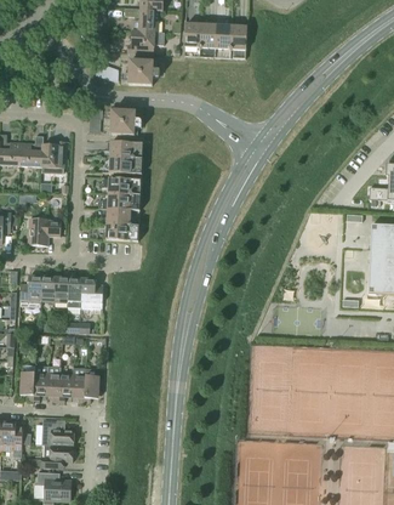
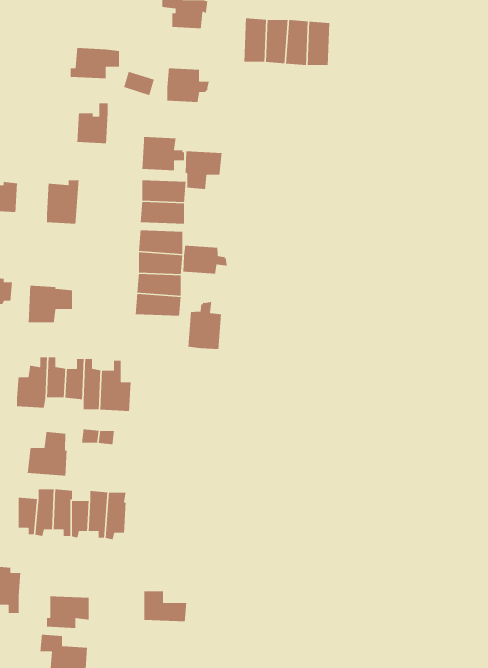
building: [126,30,162,53] -> [70,47,120,79]
building: none -> [185,151,223,190]
building: [18,136,41,166] -> [77,102,108,144]
building: none -> [183,245,228,275]
building: none -> [187,301,222,350]
building: none -> [27,431,68,476]
building: [41,421,73,444] -> [144,591,187,622]

